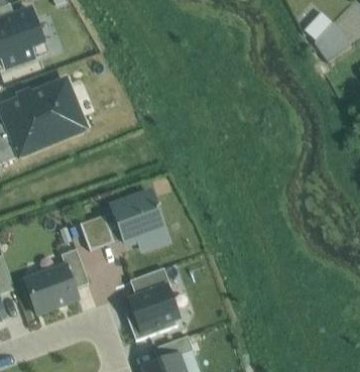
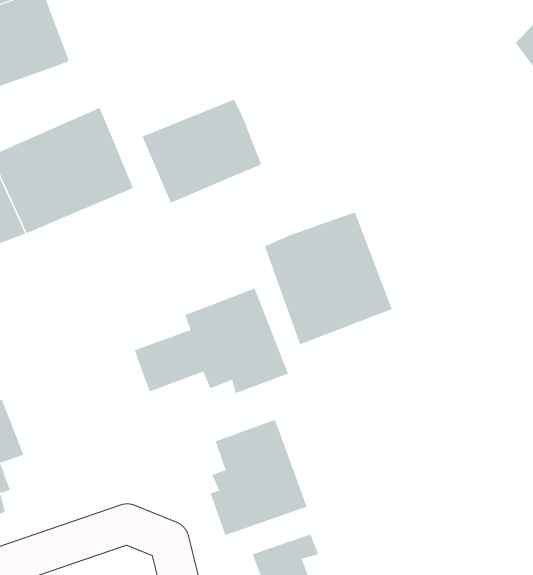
building: none -> [142,99,262,203]
building: none -> [264,211,392,345]
building: [28,245,92,313] -> none

